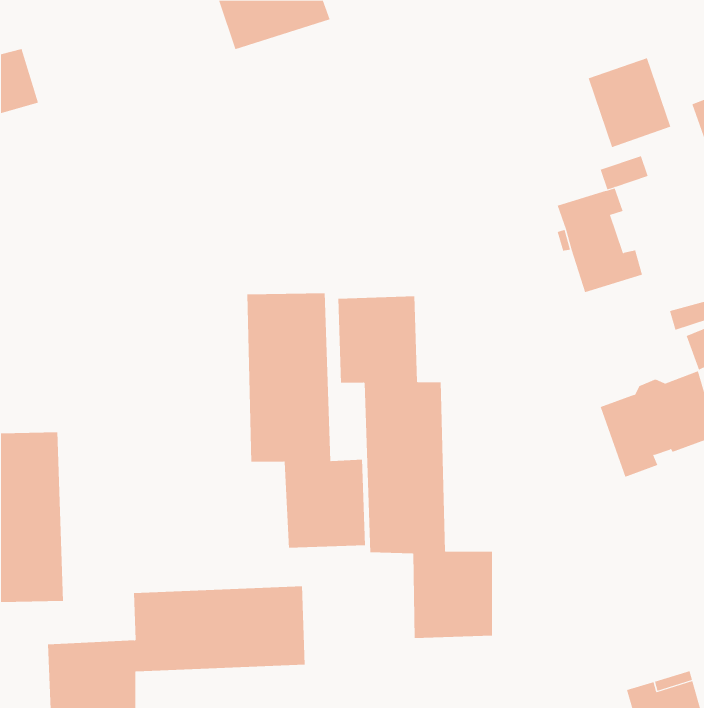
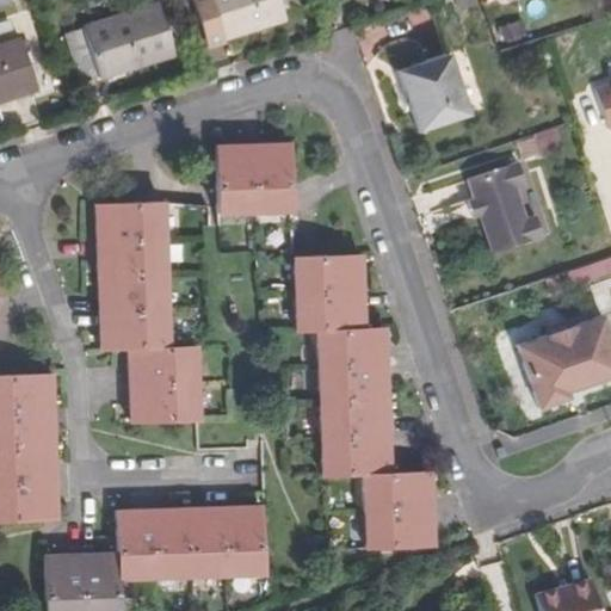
building: none -> [68,7,175,85]
building: [588,58,671,148] -> [413,53,485,130]
building: none -> [218,144,294,214]
building: [246,293,366,548] -> [97,200,199,420]

